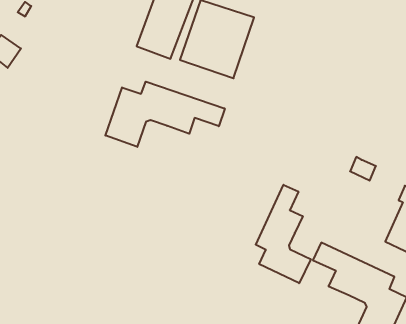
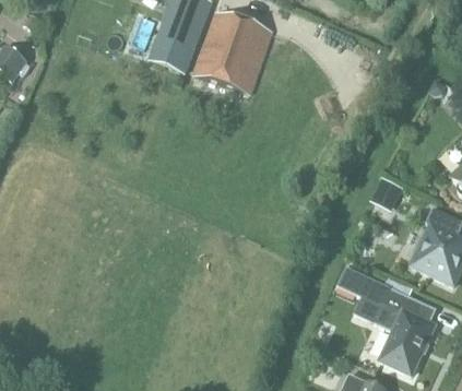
building: [105,82,225,147] -> none
building: [256,185,311,283] -> none

